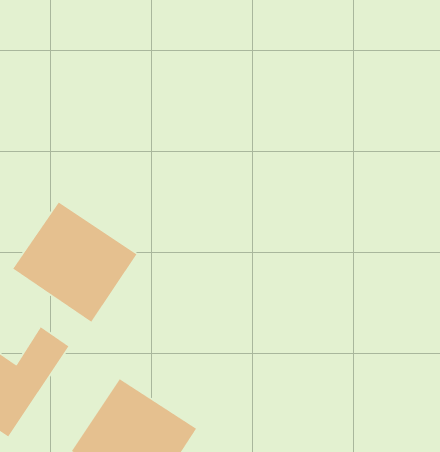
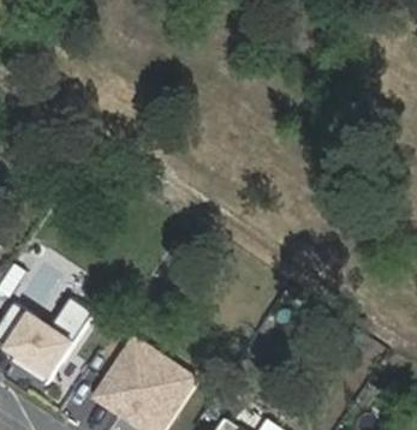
building: [12,202,137,323] -> none

